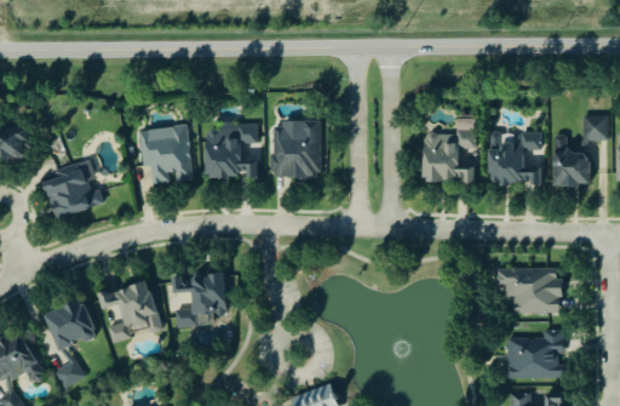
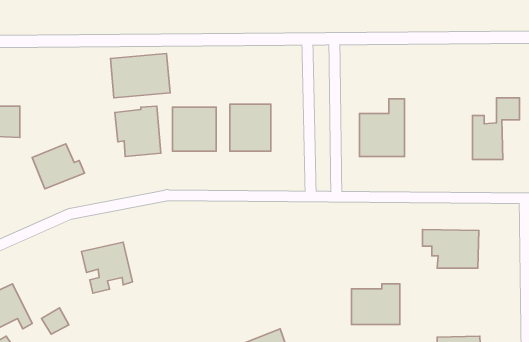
building: none -> [110,53,170,98]
building: [489,132,541,184] -> none
building: [174,273,226,326] -> none
building: [45,299,96,350] -> none
building: [507,331,563,378] -> [352,284,400,325]

